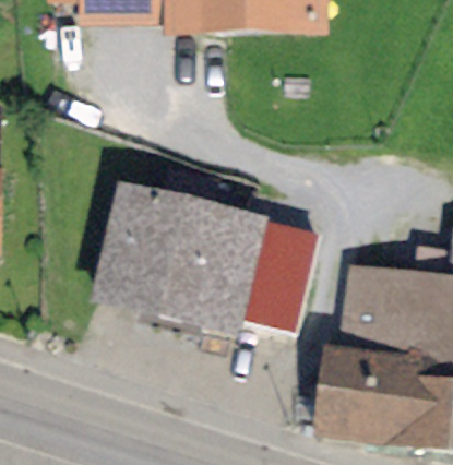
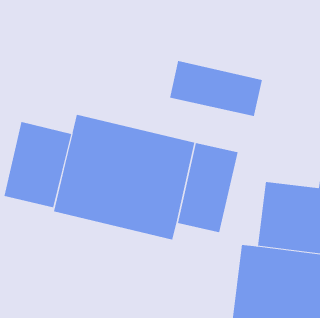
building: none -> [169,60,262,117]
building: none -> [4,121,72,208]

